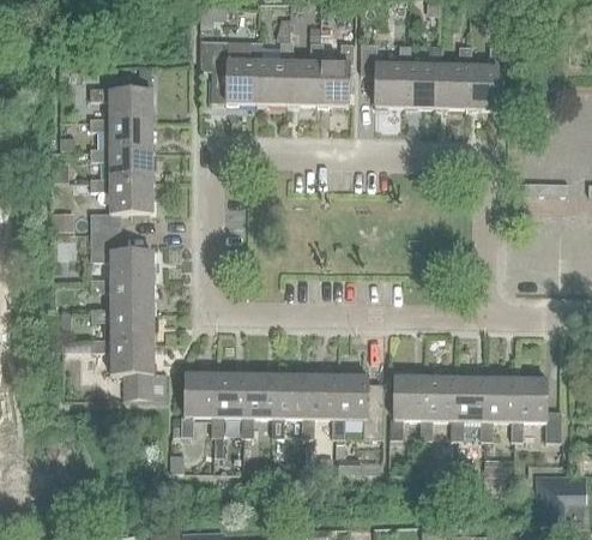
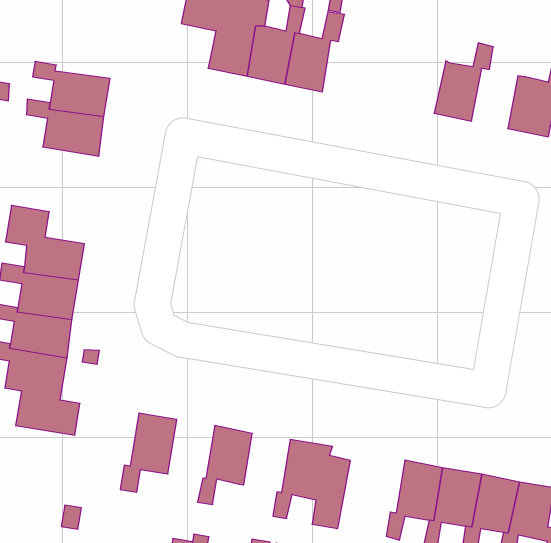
building: [316,42,354,104] -> none
building: [362,44,412,106] -> none
building: [435,47,472,108] -> none
building: [91,85,151,121] -> none
building: [91,176,152,230] -> none
building: [180,374,216,436] -> none
building: [241,374,276,436] -> none
building: [301,376,336,437] -> none
building: [391,377,427,438] -> none

